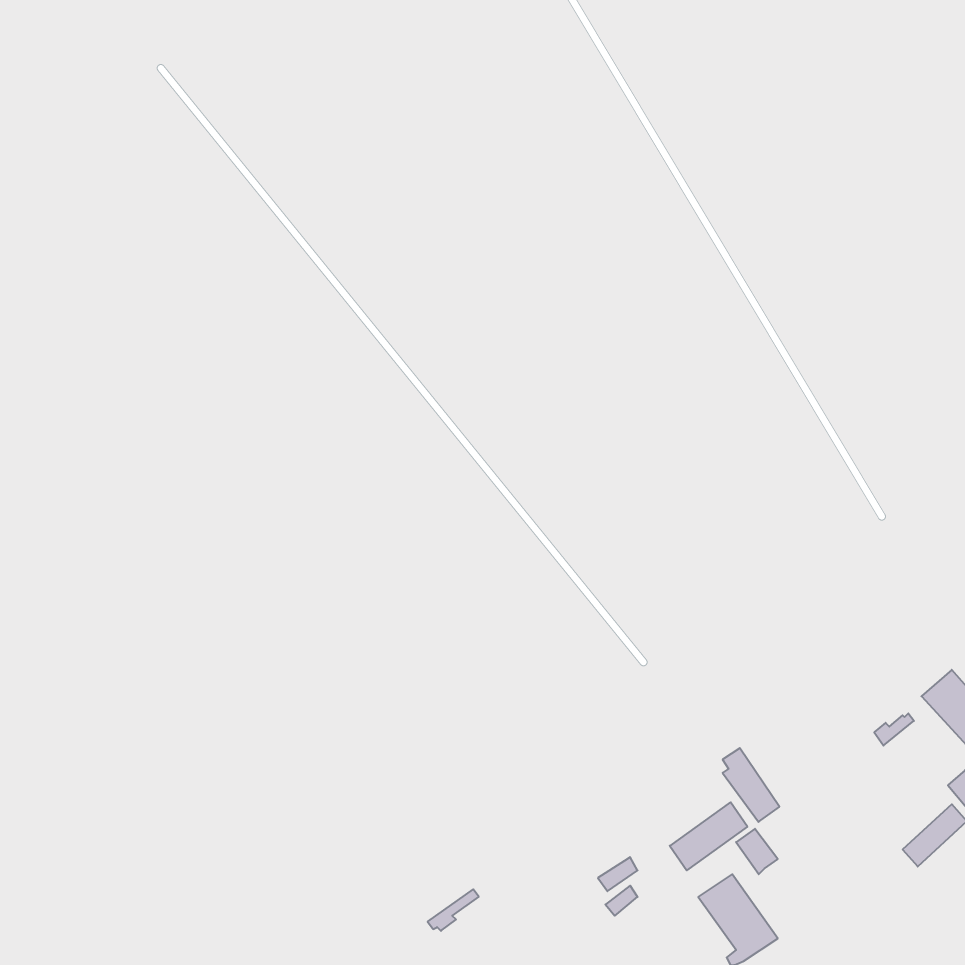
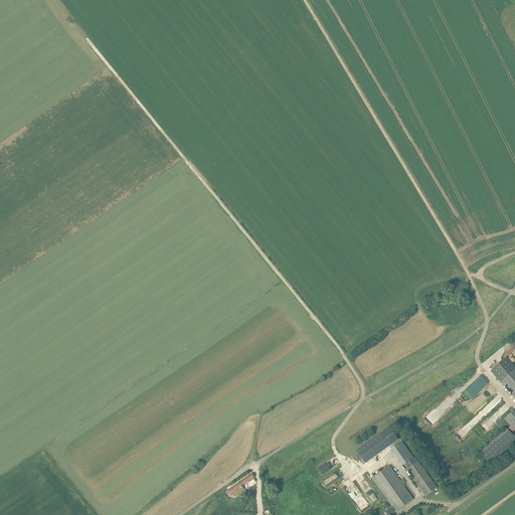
building: [723,748,779,822] -> [407,456,438,495]

